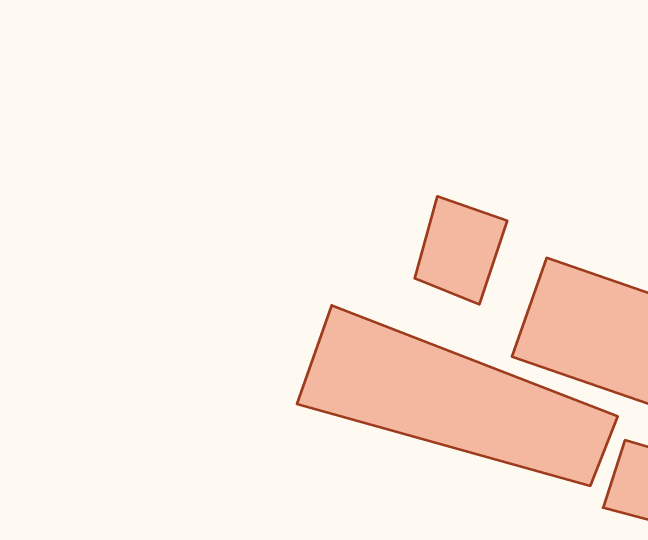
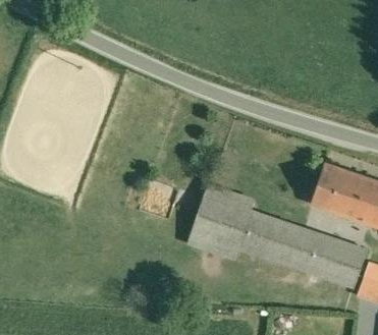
building: [415,196,507,304] -> none

